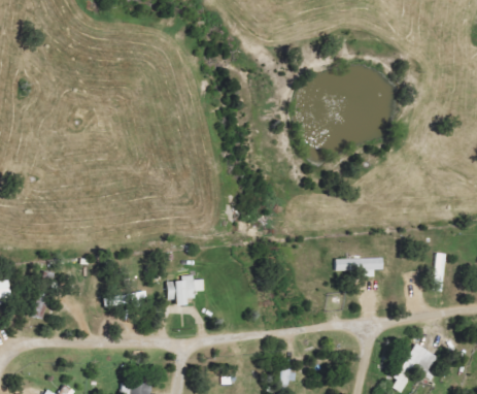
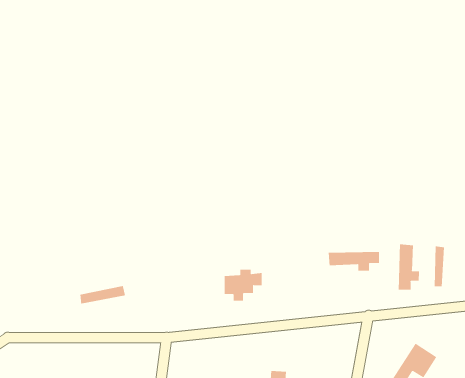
building: none -> [398,244,419,290]
building: [167,275,203,305] -> [224,269,263,301]

